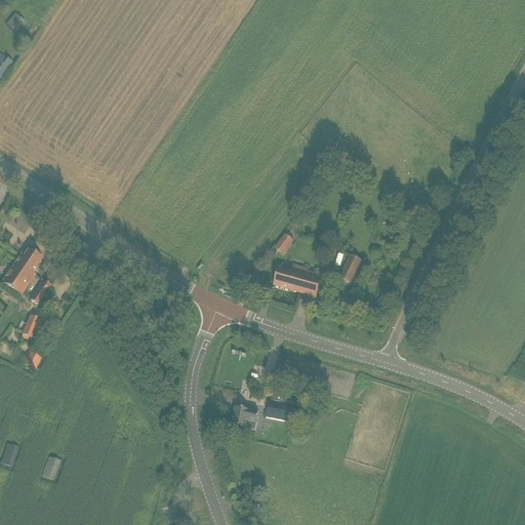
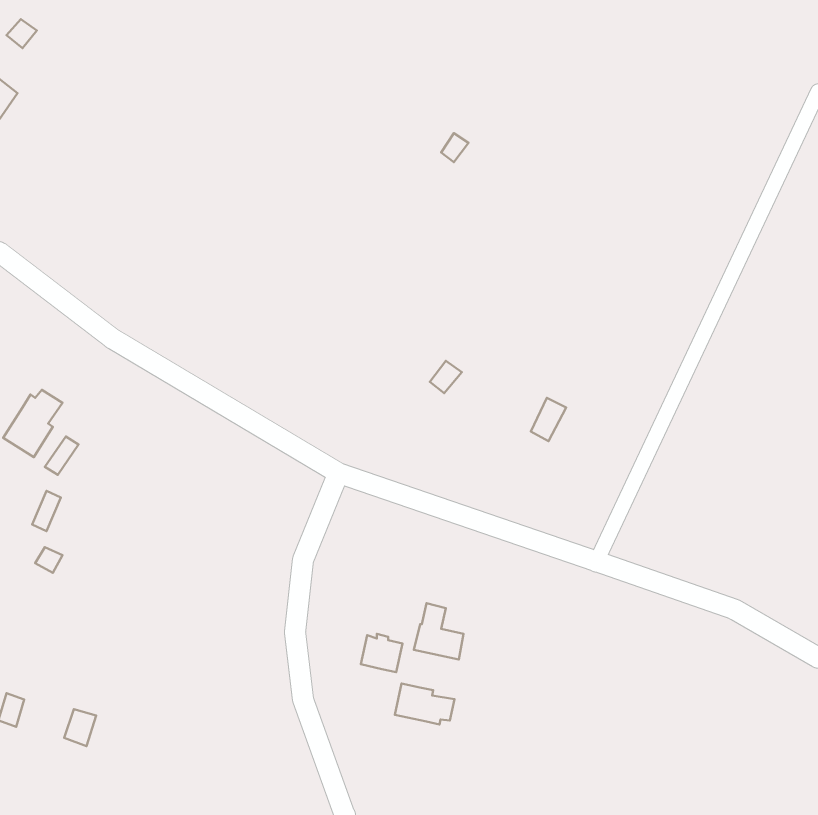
building: [272,261,322,296] -> none
building: none -> [395,684,455,725]

